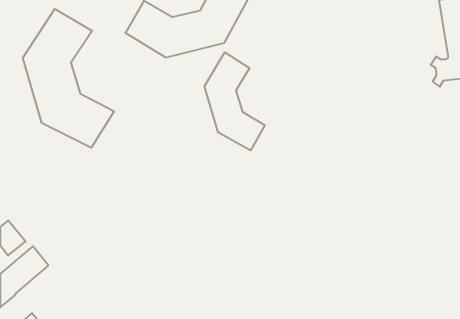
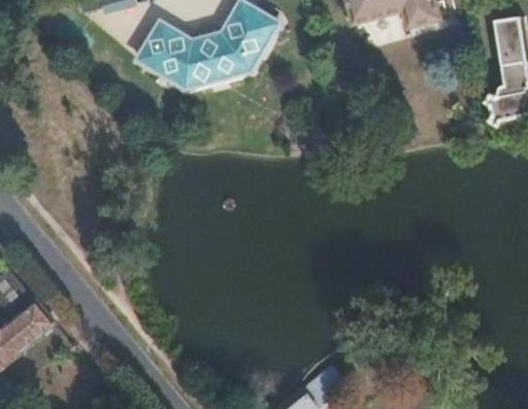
building: [23,9,114,148] -> none
building: [205,52,265,150] -> none

